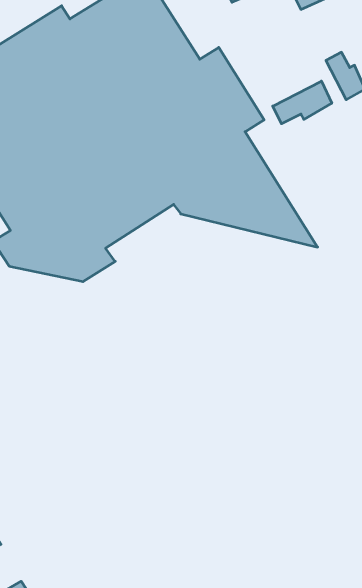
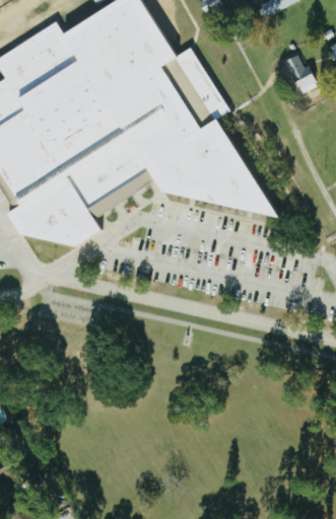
building: [273,81,332,124] -> none

